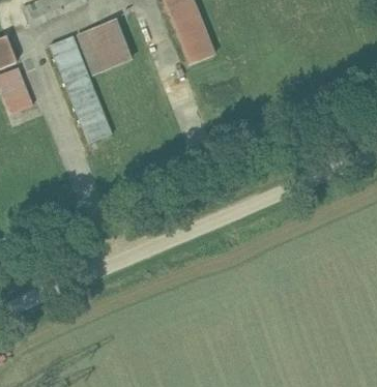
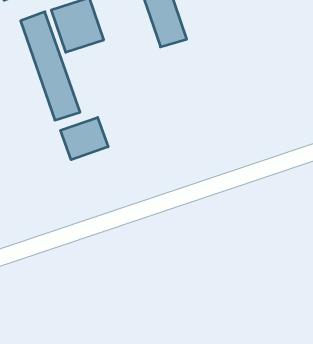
building: none -> [61,117,108,160]

